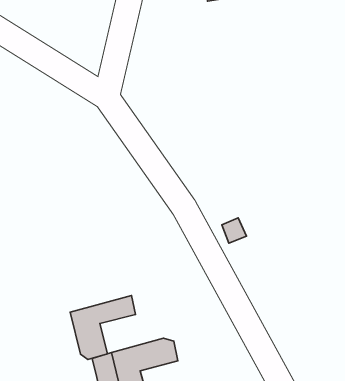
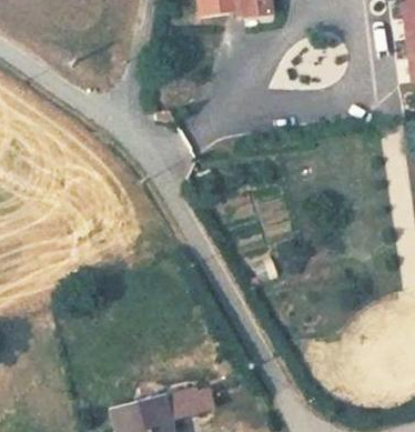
building: [70,295,135,360] -> none

